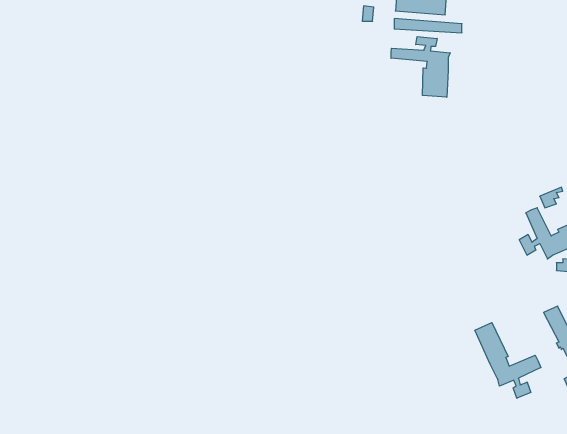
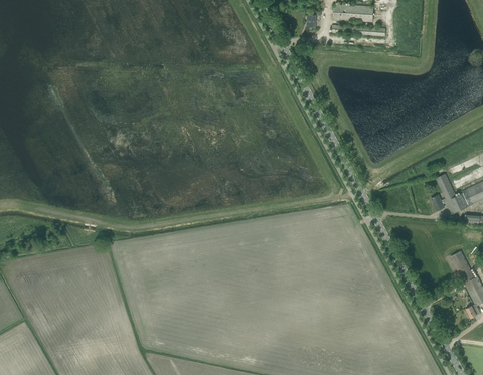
building: [391,37,450,97] -> none
building: [475,323,541,398] -> none

